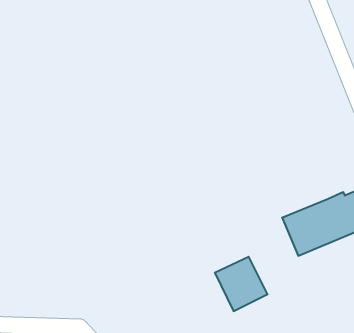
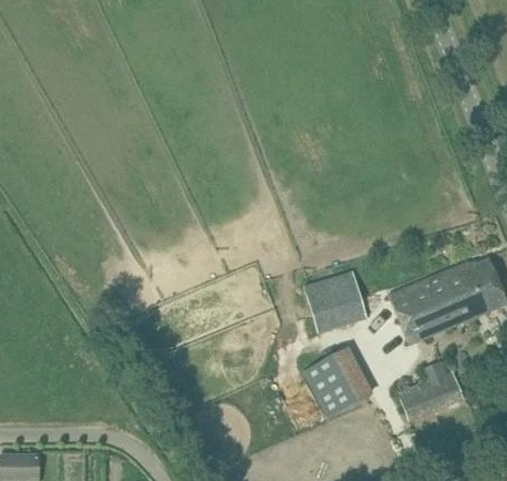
building: none -> [304,272,365,330]
building: none -> [399,370,463,418]

